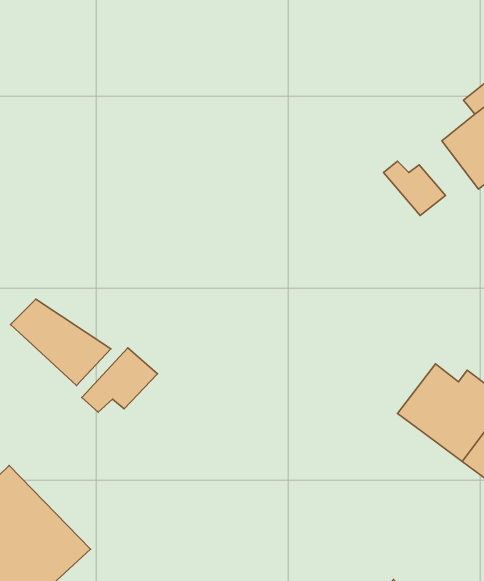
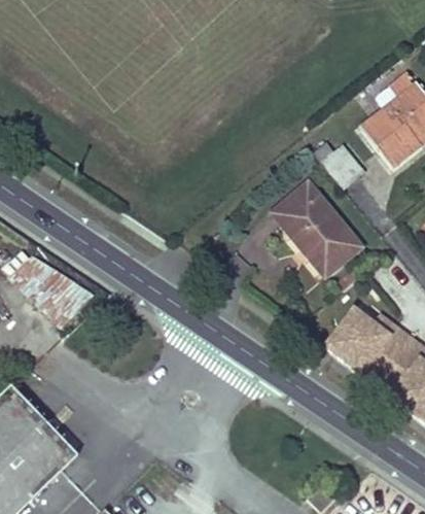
building: none -> [273,181,362,275]
building: [82,348,158,412] -> none

